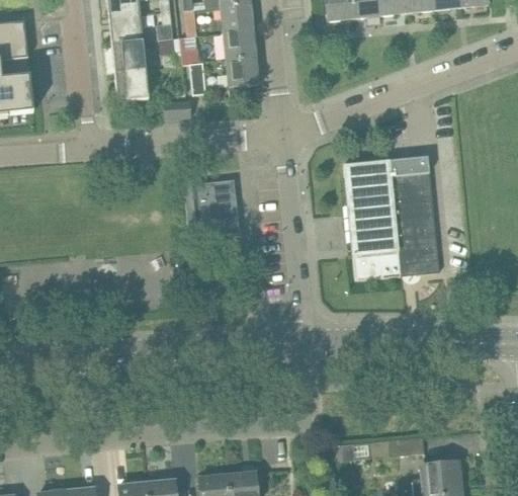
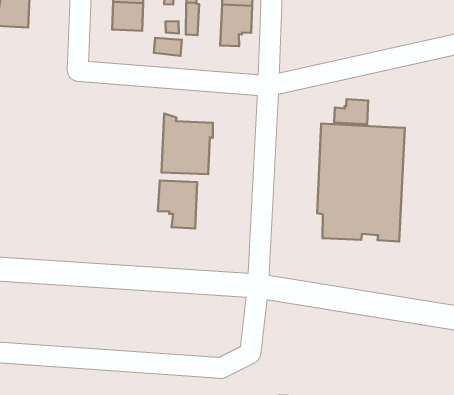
building: none -> [334,99,368,124]
building: none -> [158,181,197,228]

